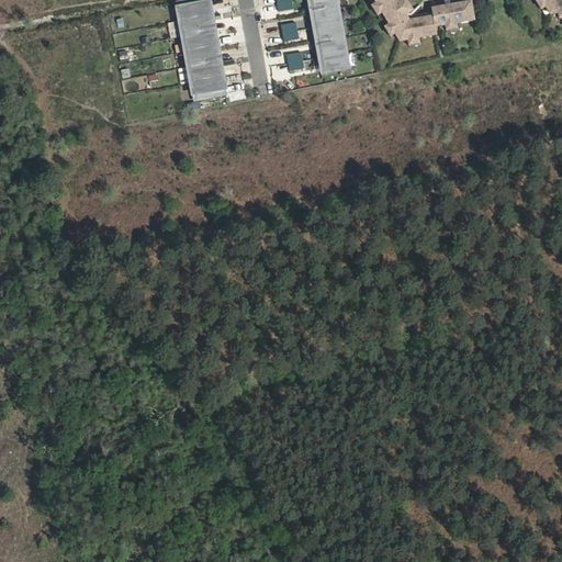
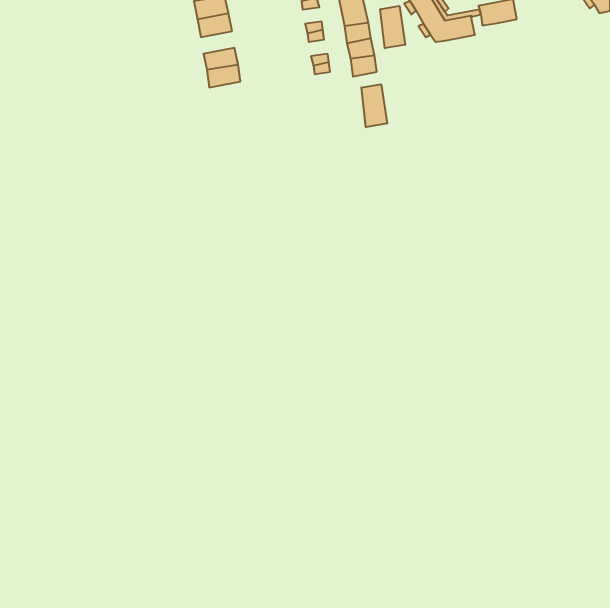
building: none -> [380,6,405,48]
building: [184,29,215,49] -> none
building: [192,75,224,95] -> none
building: none -> [361,84,387,127]

